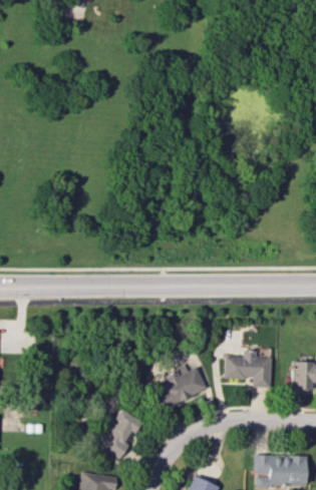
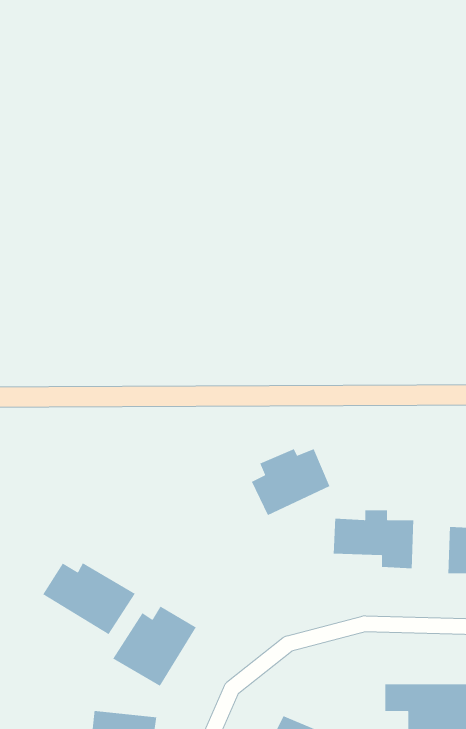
building: [159,366,207,407] -> [251,448,331,516]
building: none -> [42,562,136,635]

